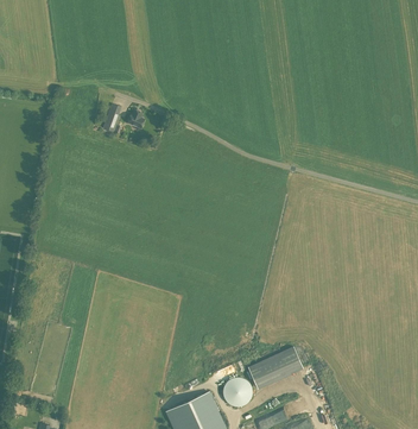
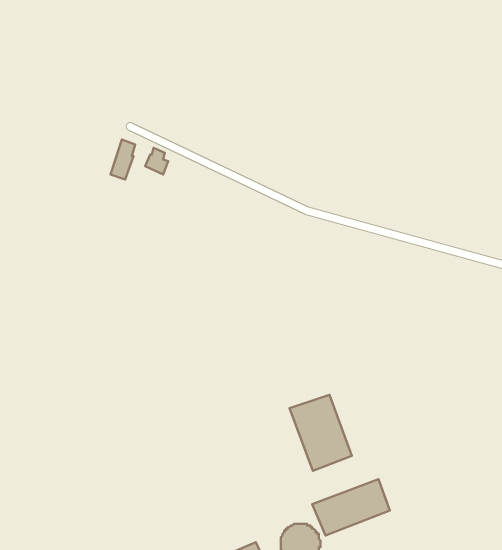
building: none -> [290,395,352,471]

